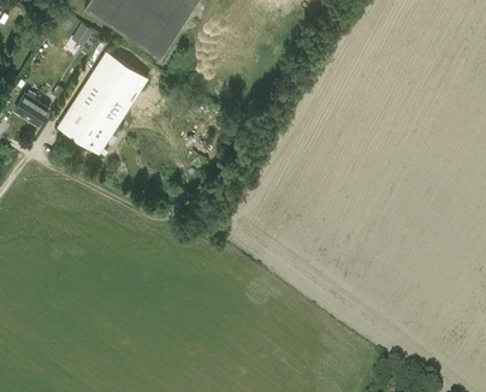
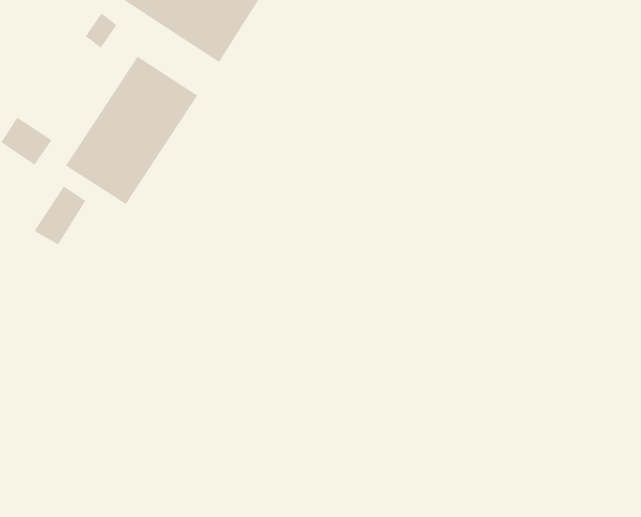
building: none -> [34,185,86,245]

